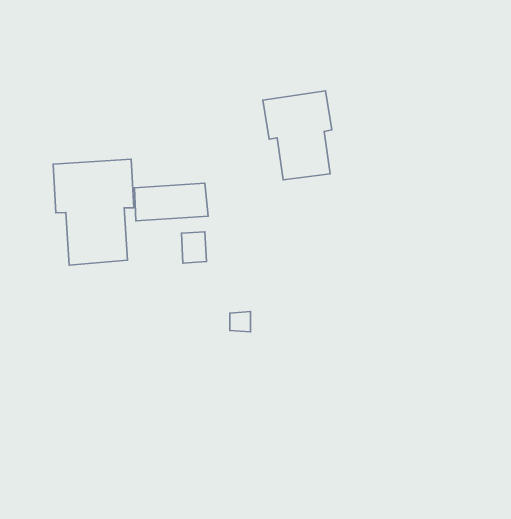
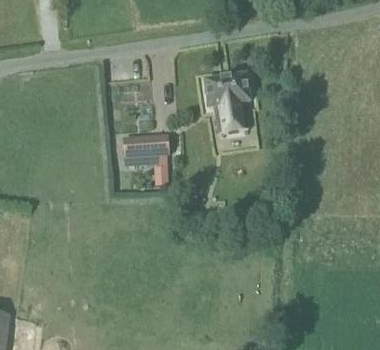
building: [53,159,134,265] -> none

